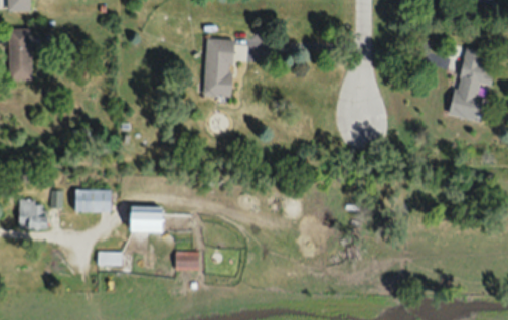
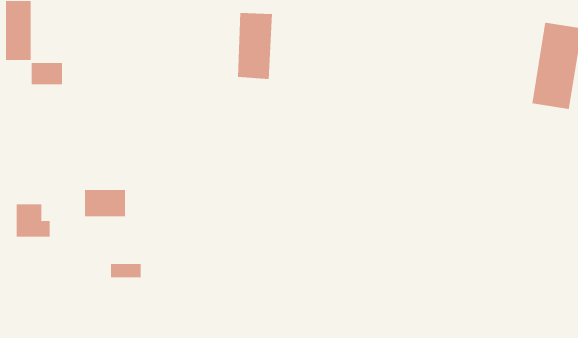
building: none -> [31,62,63,85]
building: [131,207,164,232] -> none
building: [174,251,198,270] -> none

